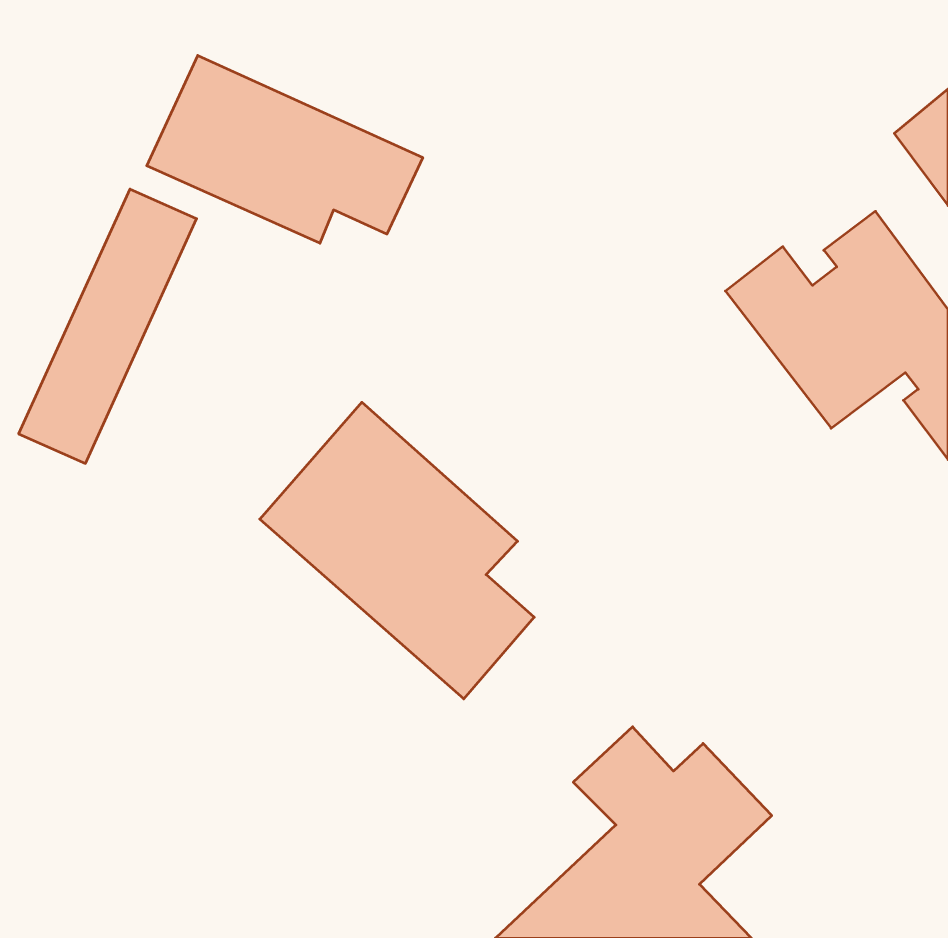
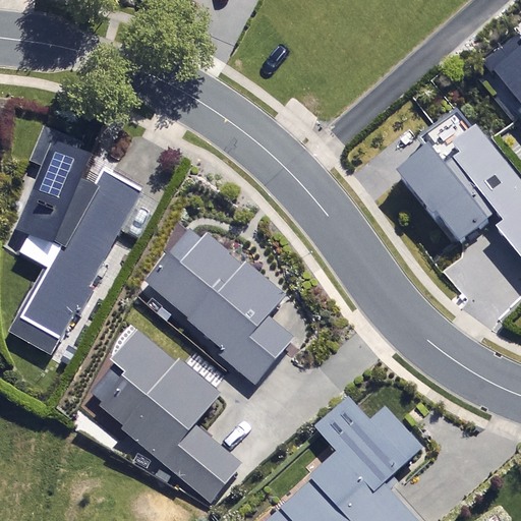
building: [147,55,423,243] -> none
building: none -> [11,170,139,355]
building: none -> [86,330,241,500]

